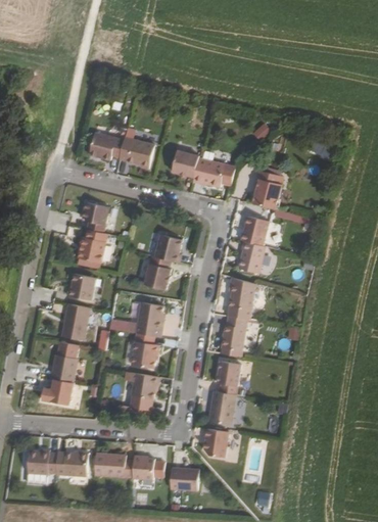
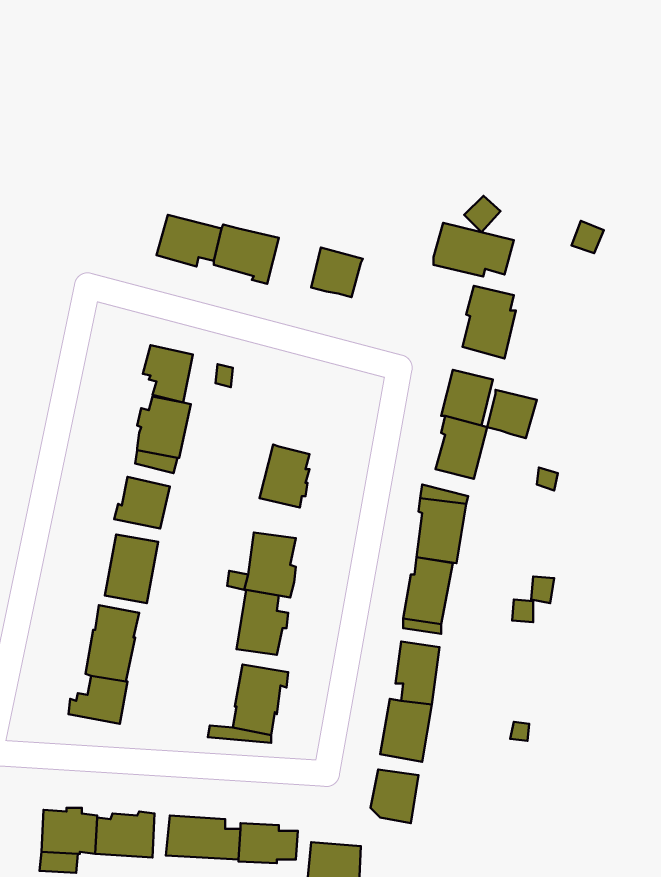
building: [192,158,235,187] -> [434,223,514,276]
building: none -> [487,390,537,438]
building: [153,234,181,263] -> none

